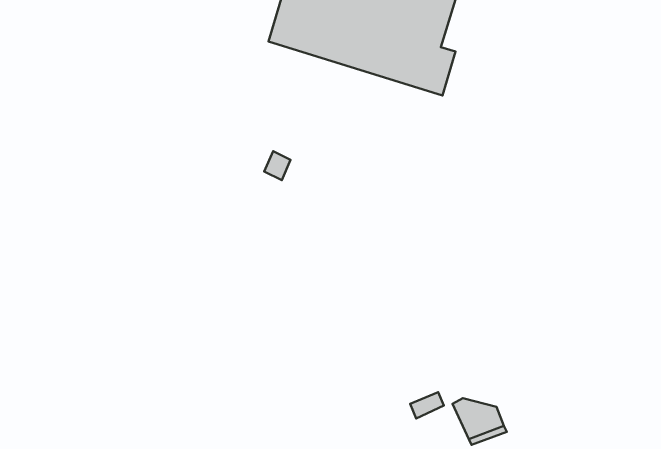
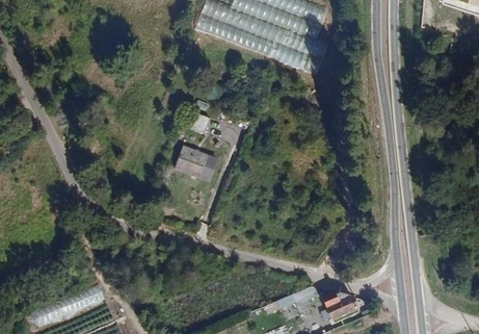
building: none -> [175,150,216,183]

